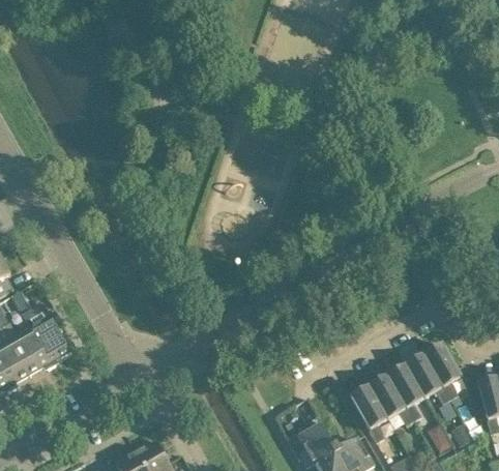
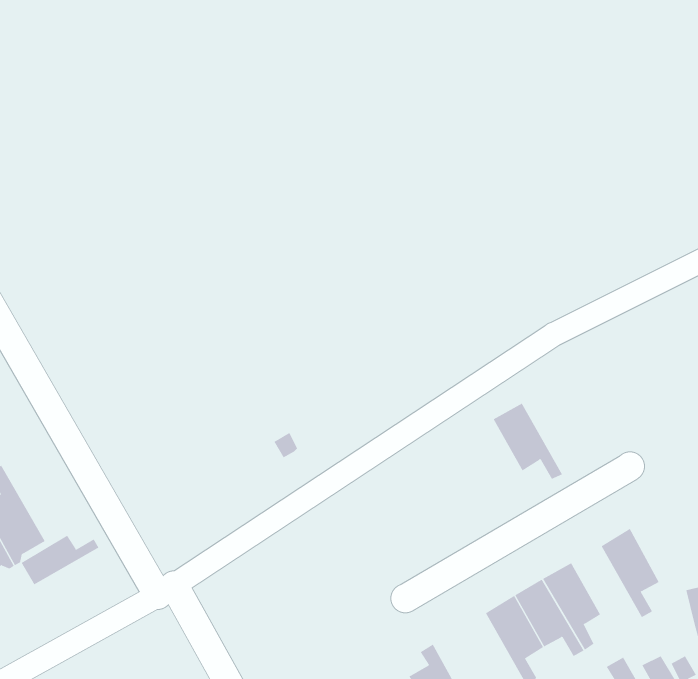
building: none -> [21,535,99,585]
building: [404,354,448,403] -> [493,403,563,479]

